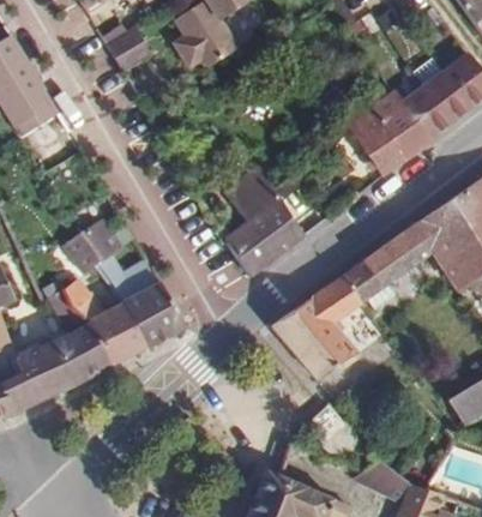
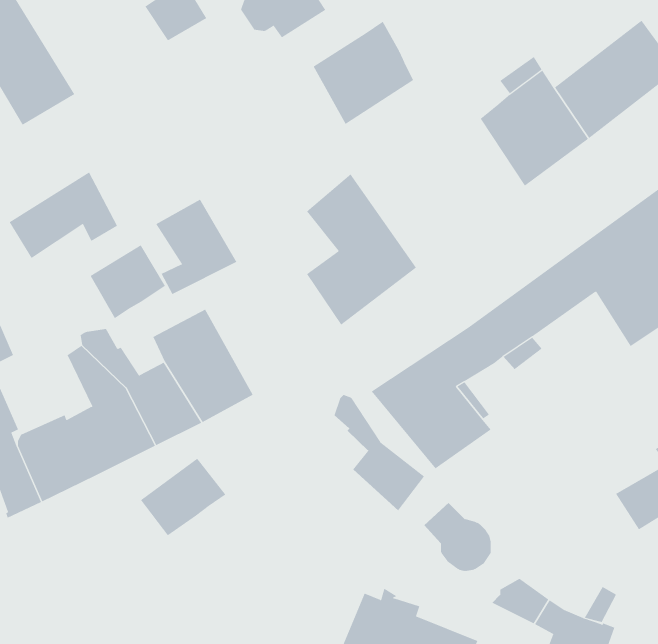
building: none -> [313,21,414,125]
building: none -> [9,171,118,259]
building: none -> [155,199,237,295]
building: none -> [334,394,425,511]
building: none -> [140,458,226,536]

